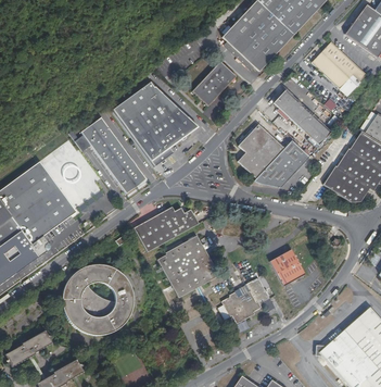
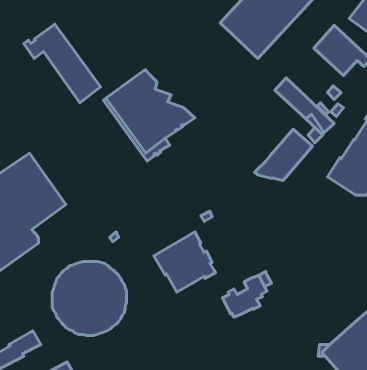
building: [194,62,237,107] -> none
building: [73,118,145,194] -> [24,24,100,103]
building: [239,125,283,178] -> none
building: [136,208,200,253] -> none
building: [269,248,305,285] -> none

